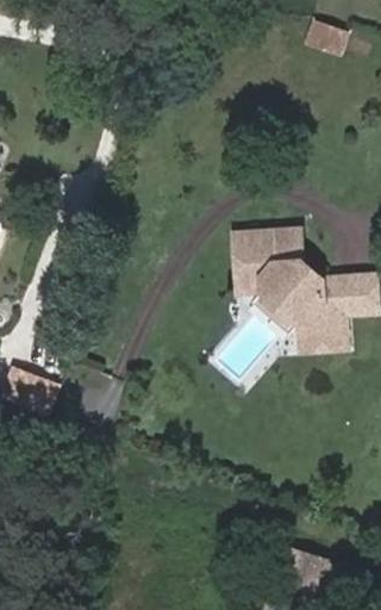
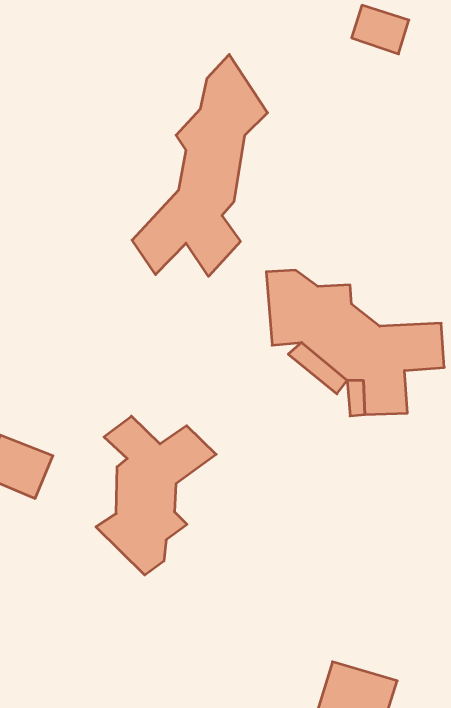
building: none -> [132,54,268,276]
building: none -> [96,416,216,575]

